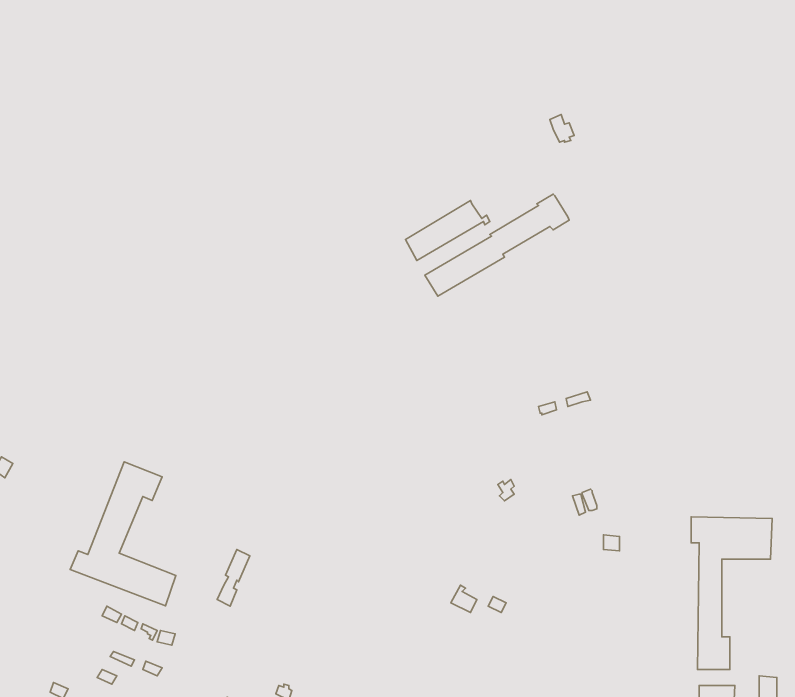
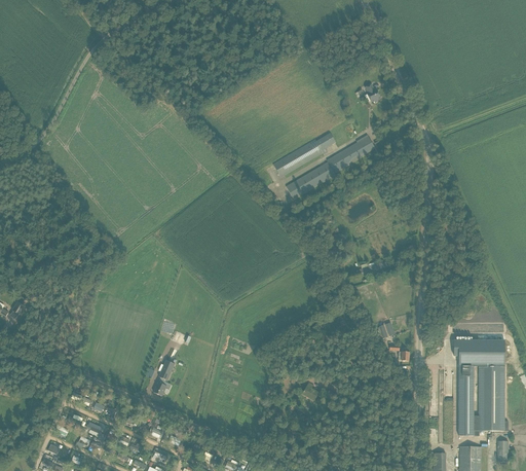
building: [70,462,176,606] -> none
building: none -> [479,365,509,430]

